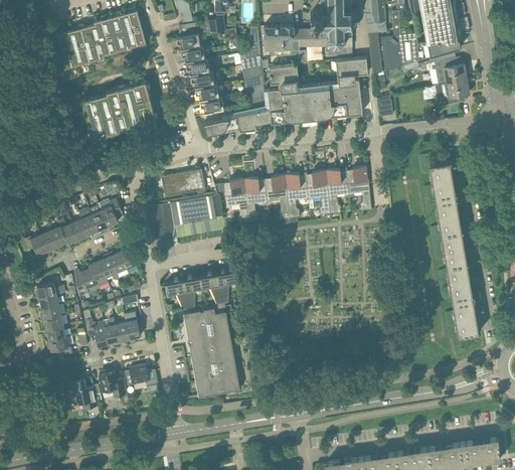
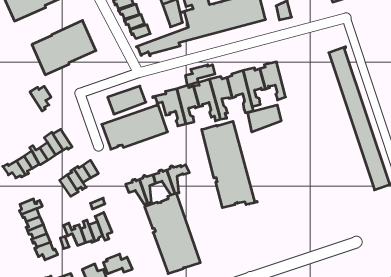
building: none -> [186,65,215,85]
building: [99,199,123,228] -> [30,86,51,111]
building: none -> [248,105,281,132]
building: none -> [202,121,257,208]
building: [76,266,99,296] -> none

